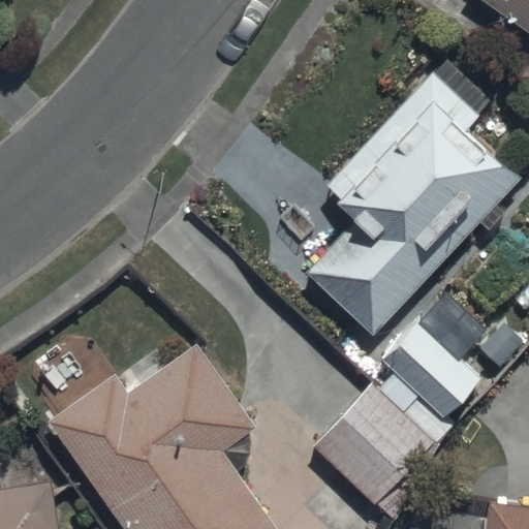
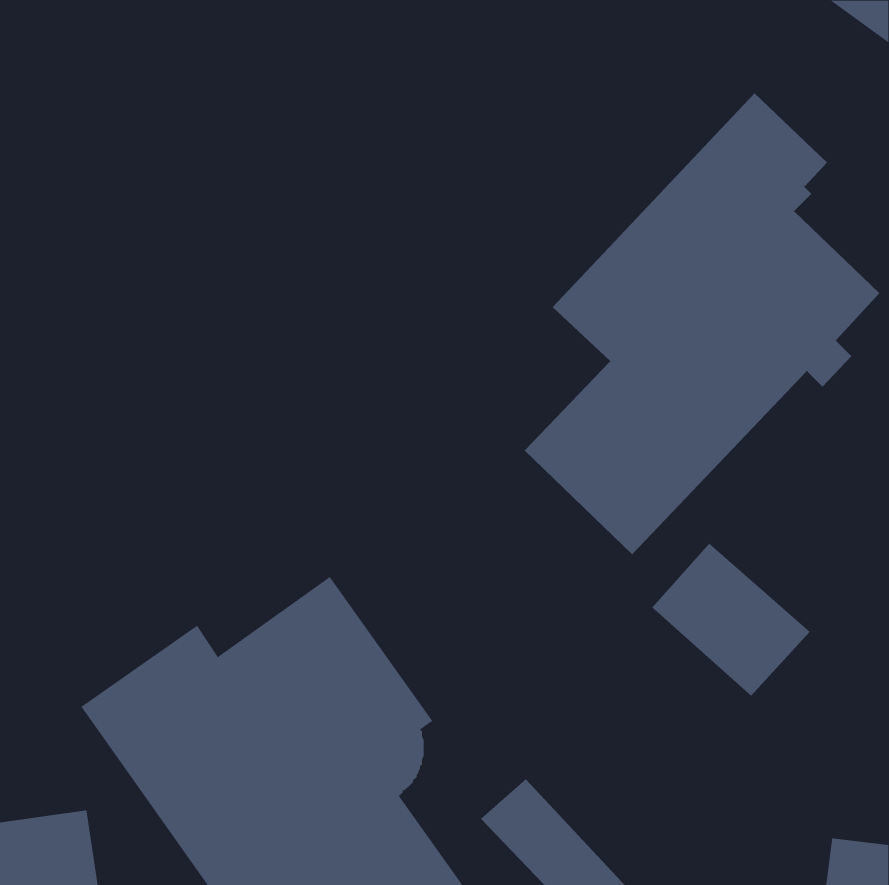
building: [314,385,436,507] -> none

